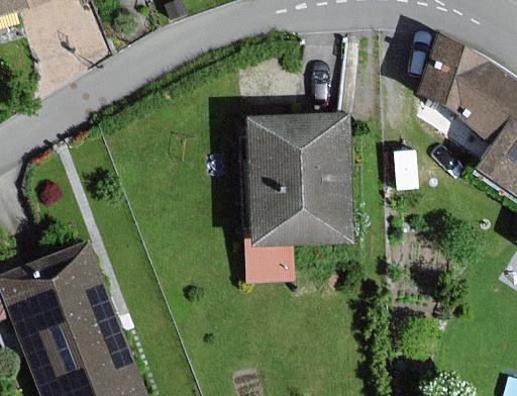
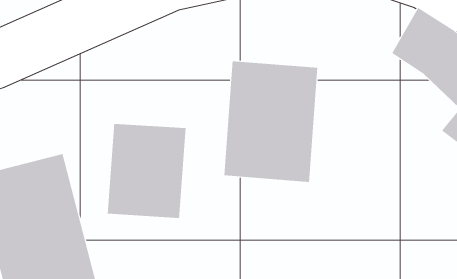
building: none -> [107,123,186,219]

